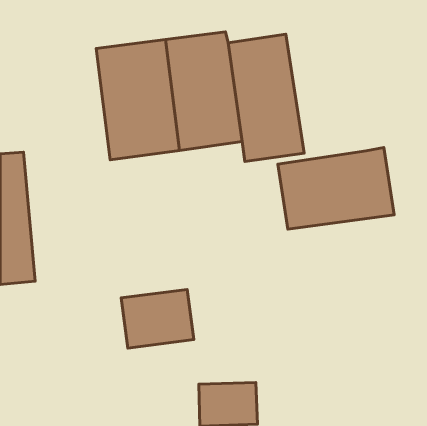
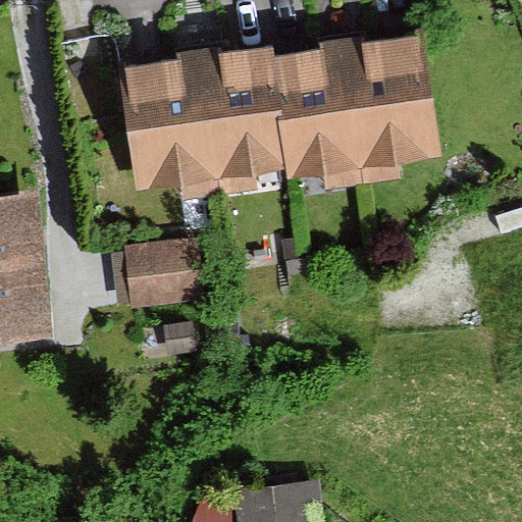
building: none -> [349,32,450,189]
building: [278,148,394,229] -> none
building: [121,289,194,348] -> [121,239,210,310]

